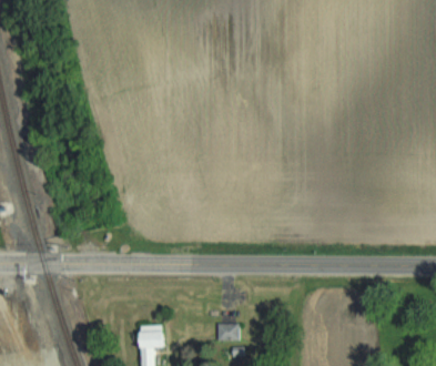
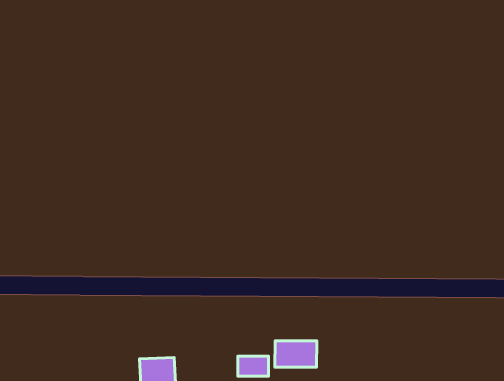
building: none -> [275,341,317,367]

